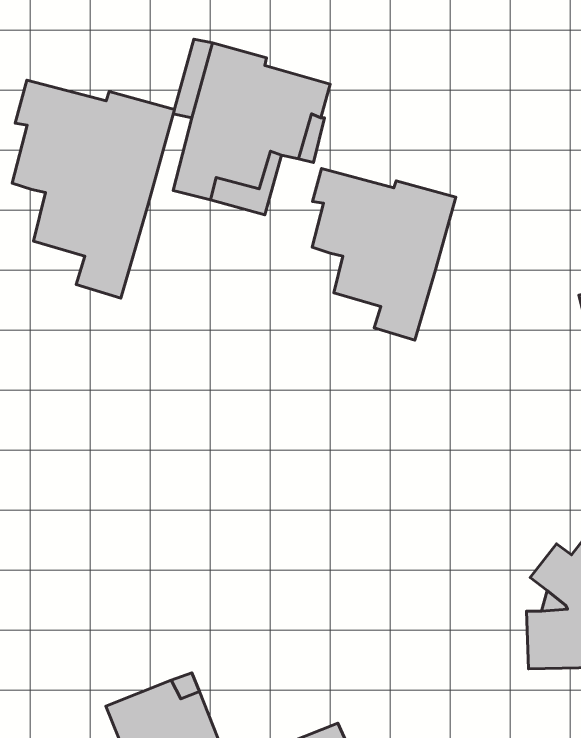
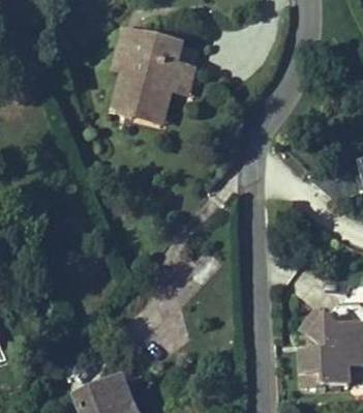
building: [12,80,174,298] -> none
building: [312,169,456,340] -> none

